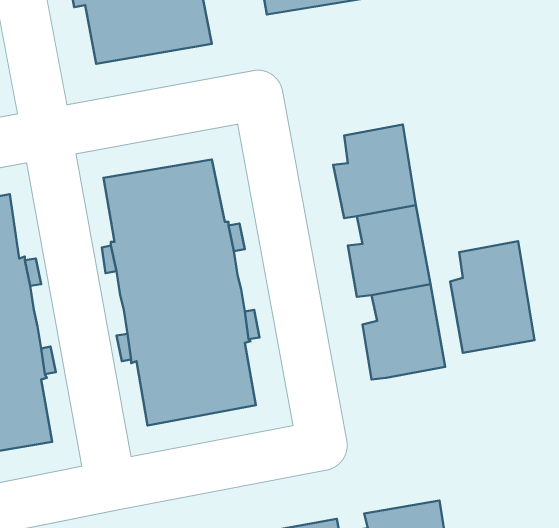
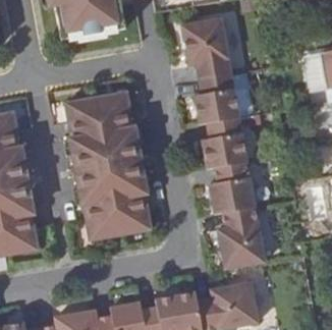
building: none -> [180,17,231,78]
building: [450,241,535,353] -> [217,207,264,269]

